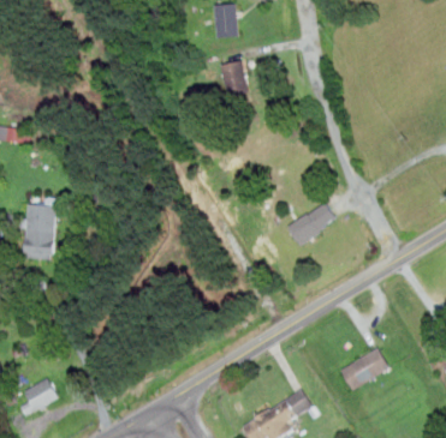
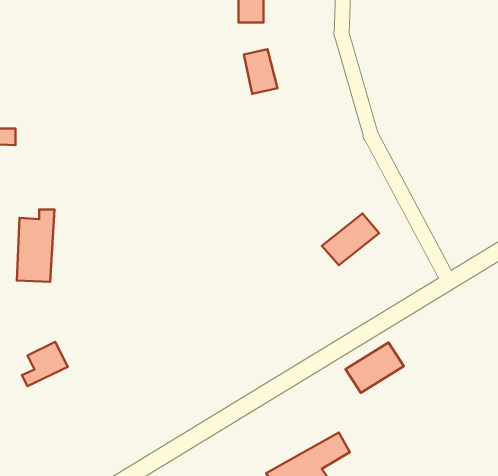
building: [339,348,389,391] -> [345,343,404,393]
building: [19,378,59,416] -> [22,342,68,386]

